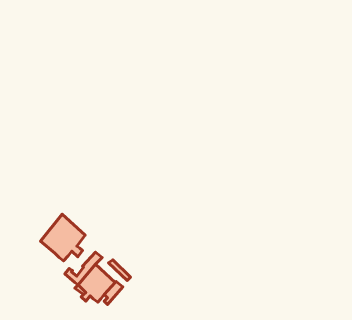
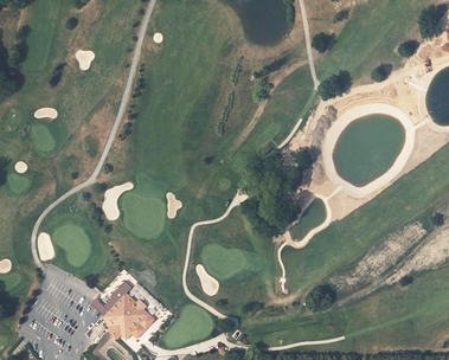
building: [40,214,85,261] -> none

